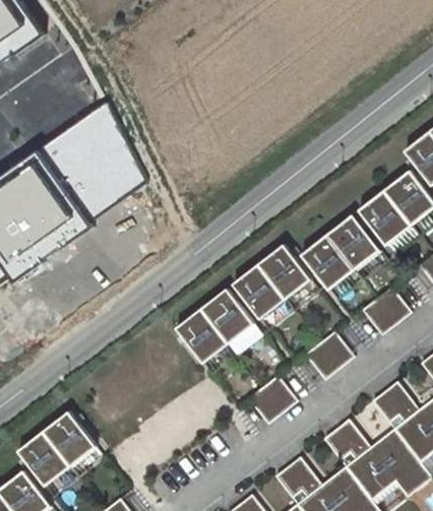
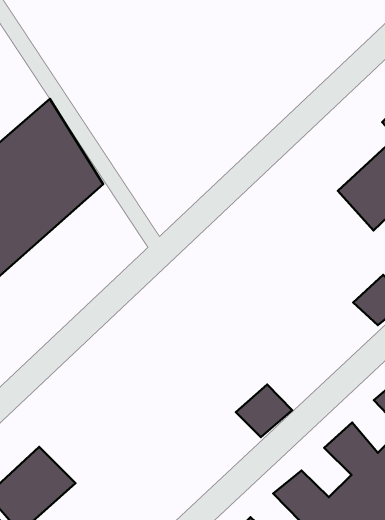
building: [303,214,381,289] -> none
building: [232,242,312,320] -> none
building: [175,288,256,364] -> none
building: [305,330,355,379] -> none

